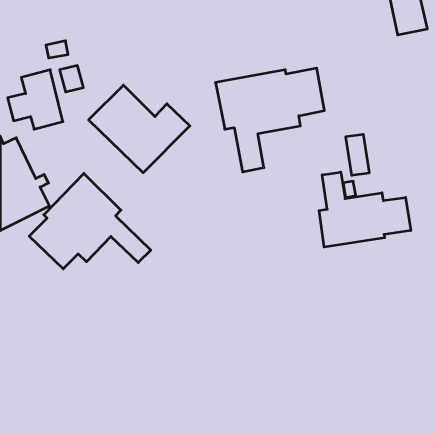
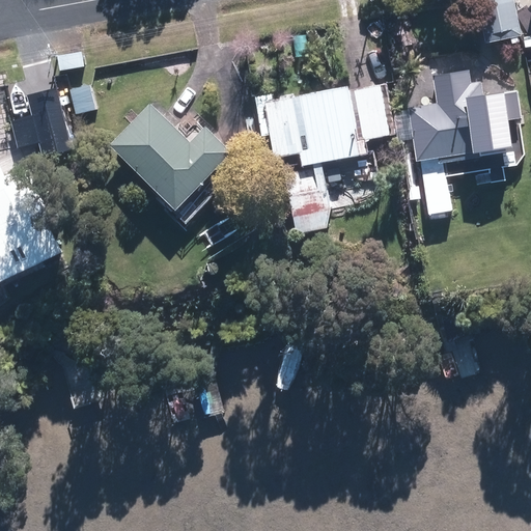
building: none -> [408,69,521,161]
building: [319,172,411,247] -> none
building: [29,173,151,269] -> none

